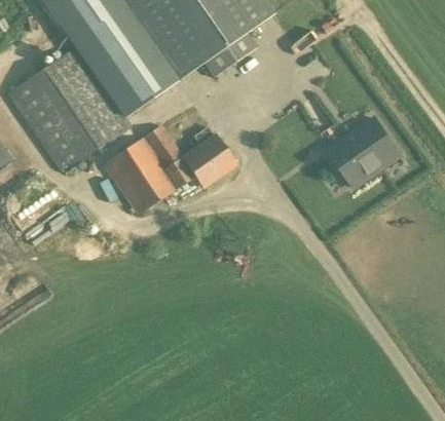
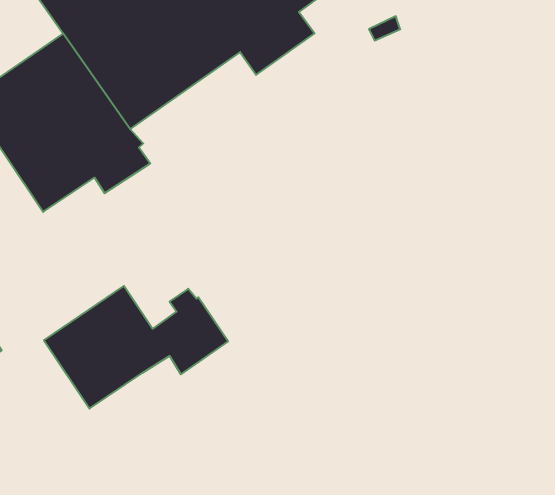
building: [330,118,402,188] -> none
building: [105,125,237,214] -> [44,286,228,409]

